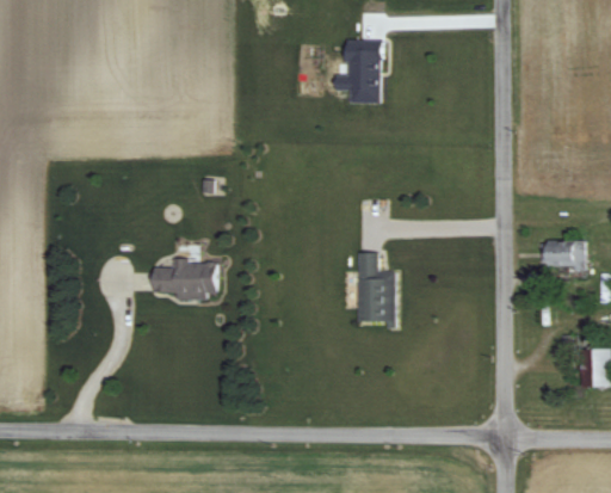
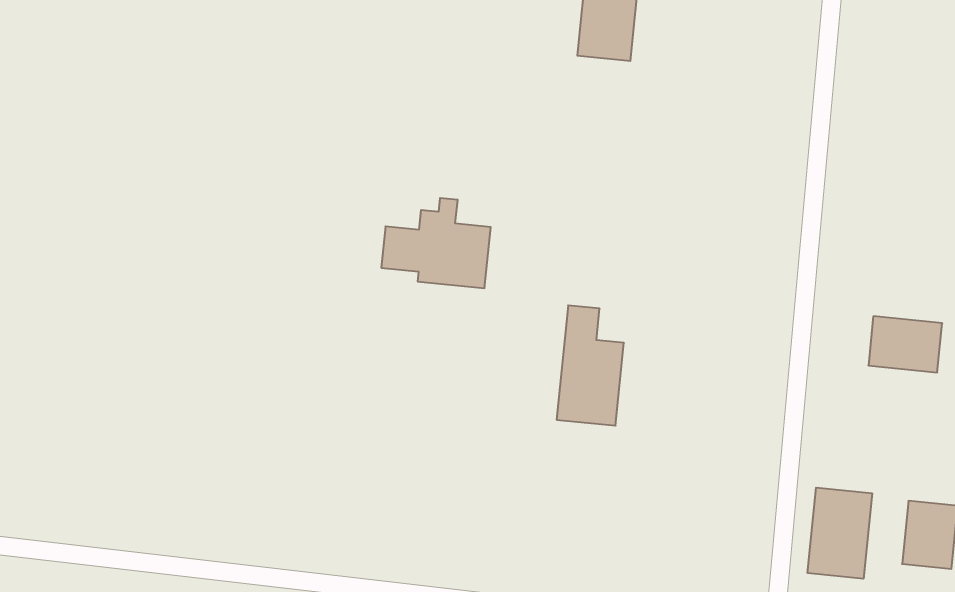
building: [154,247,217,298] -> [381,198,491,288]
building: none -> [808,488,872,579]

